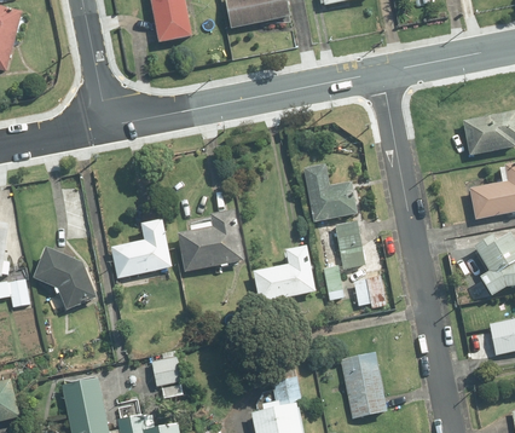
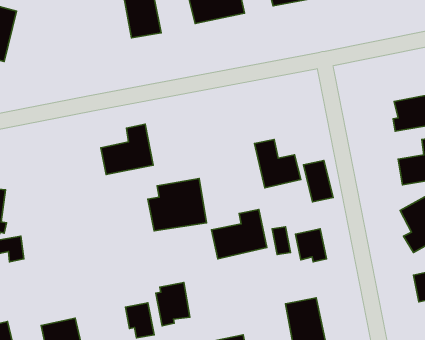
building: [111,220,173,279] -> [101,124,153,175]
building: [335,220,370,269] -> [303,161,333,202]
building: [35,250,97,312] -> none
building: none -> [156,283,190,326]

